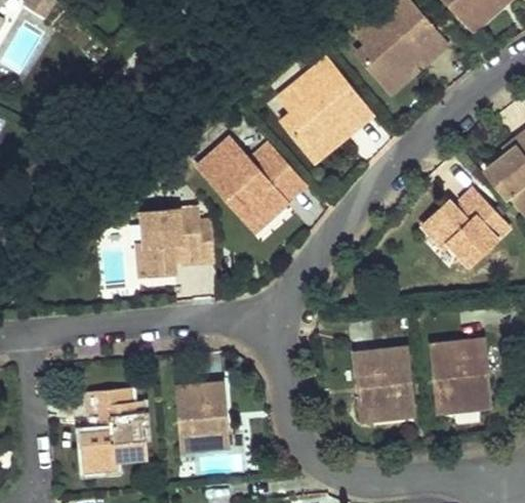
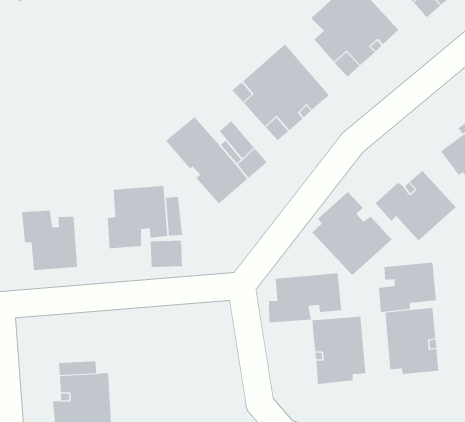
building: none -> [312,191,392,276]
building: none -> [22,210,78,271]
building: none -> [378,262,437,313]
building: none -> [268,272,342,323]
building: [174,381,231,448] -> none

